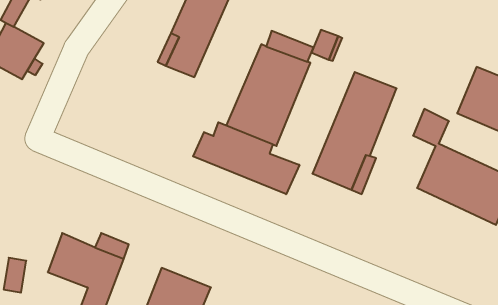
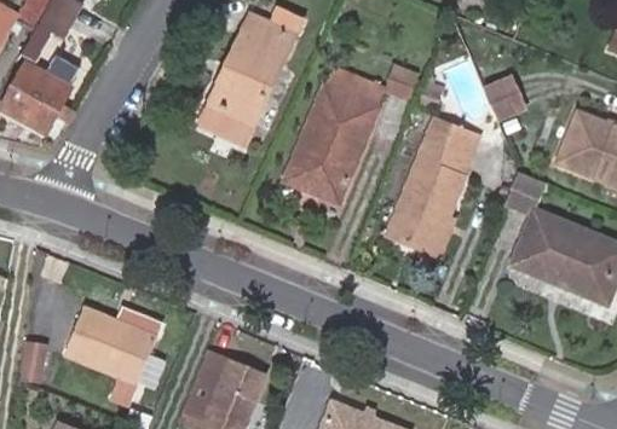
building: none -> [484,75,531,126]
building: [193,122,299,194] -> none

